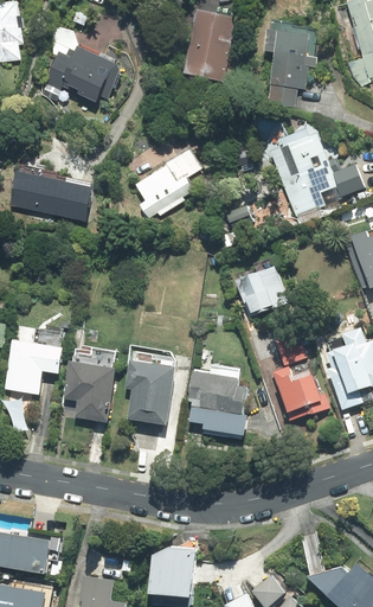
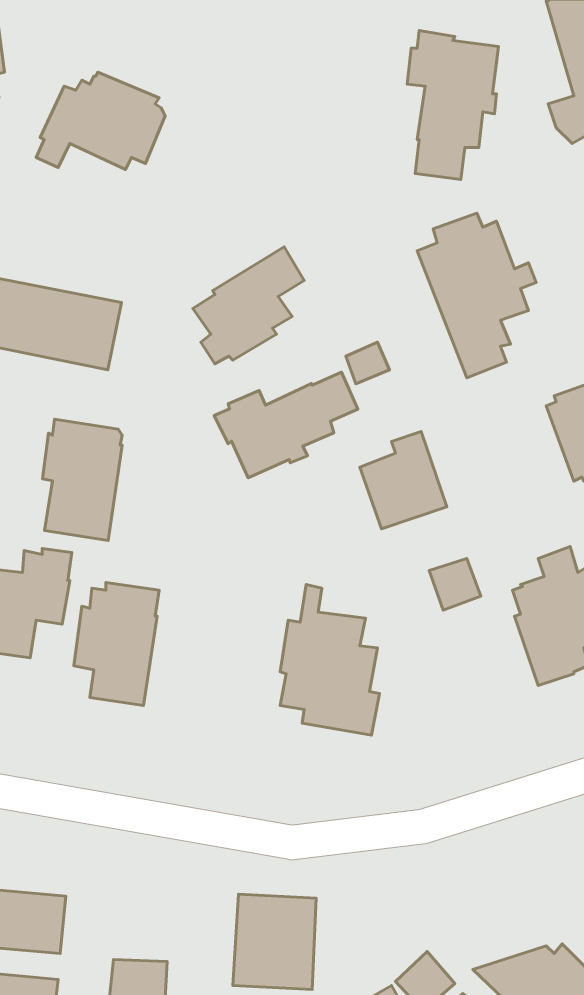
building: [184,9,234,81] -> none
building: [330,164,364,197] -> none
building: none -> [214,372,358,478]
building: [126,352,173,424] -> [43,419,122,540]
building: [271,366,329,421] -> none

